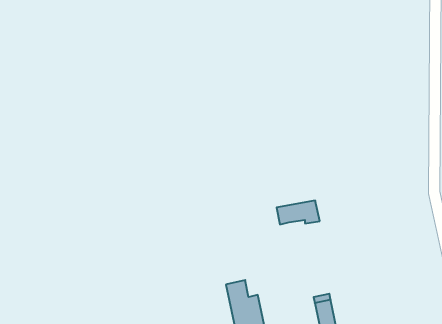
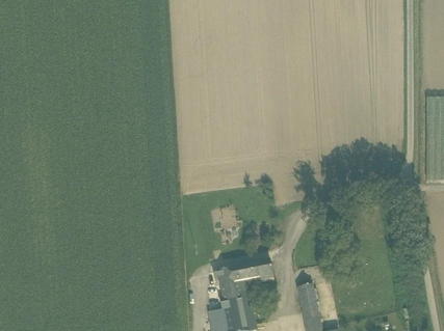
building: [277,201,320,224] -> [235,260,275,282]

